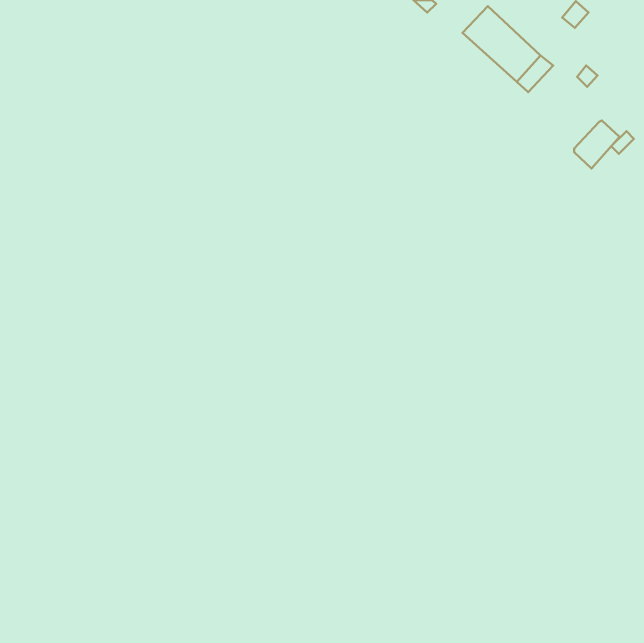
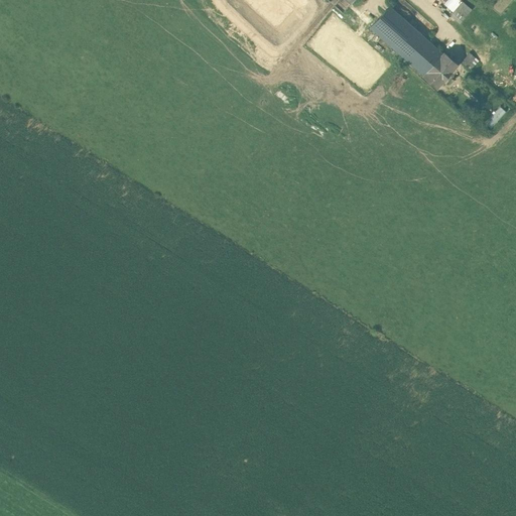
building: [574,121,619,169] -> [422,52,459,91]

